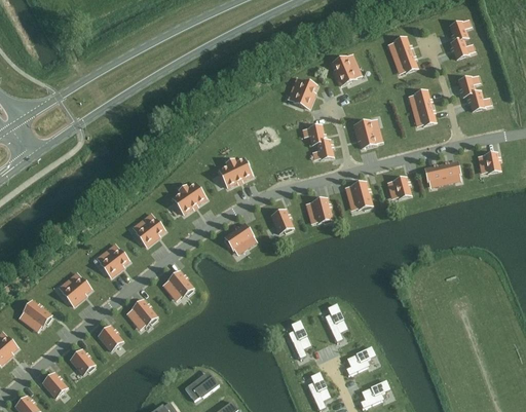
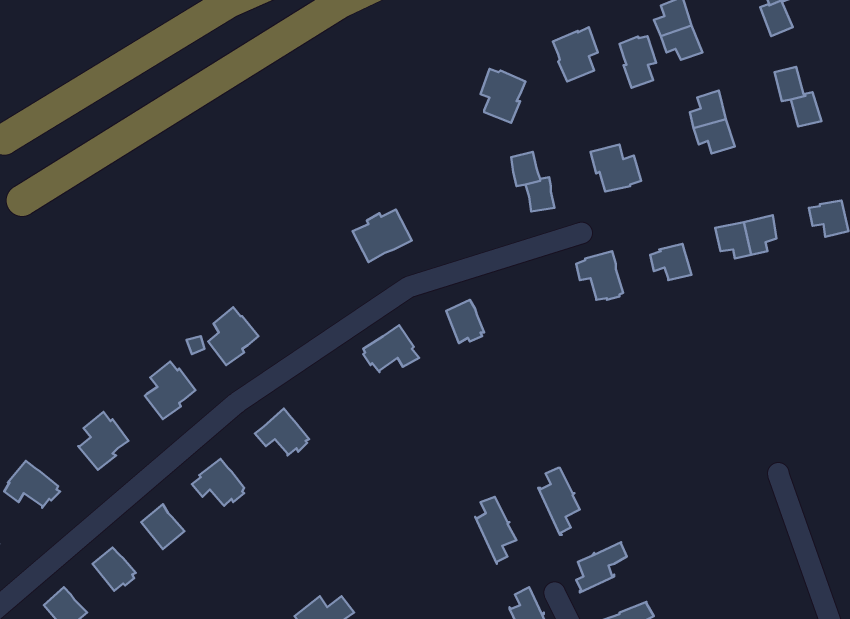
building: none -> [620,36,656,88]
building: [172,182,205,214] -> none
building: [305,197,332,223] -> none

